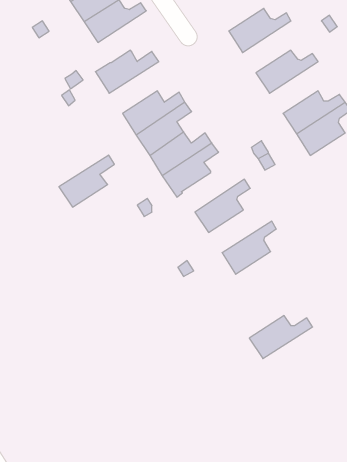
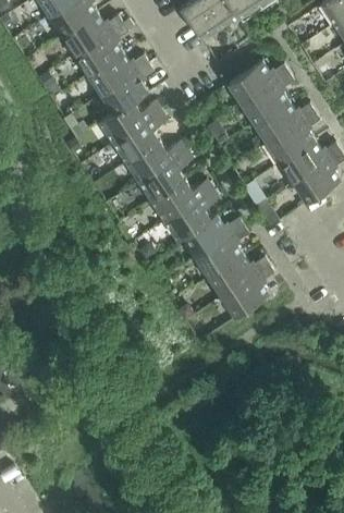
building: none -> [102,62,155,112]
building: none -> [242,72,294,122]
building: none -> [268,111,320,161]
building: [59,155,114,207] -> [113,111,167,161]
building: none -> [183,213,244,256]
building: [249,316,313,359] -> [209,254,270,295]

